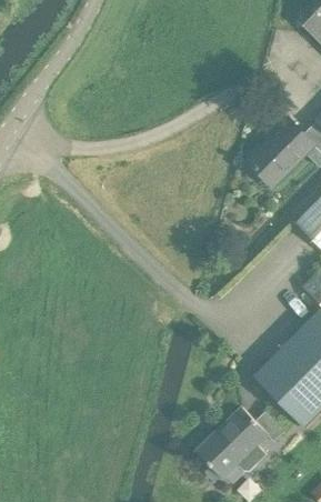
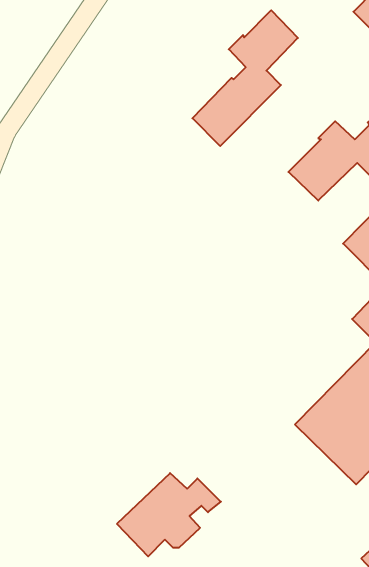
building: none -> [192,10,298,146]
building: [197,408,285,479] -> [117,473,221,556]

